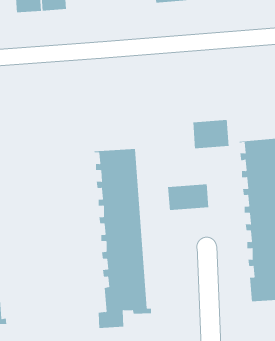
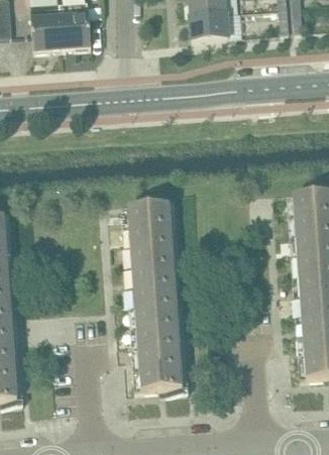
building: [193,119,229,149] -> none
building: [168,184,209,211] -> none

